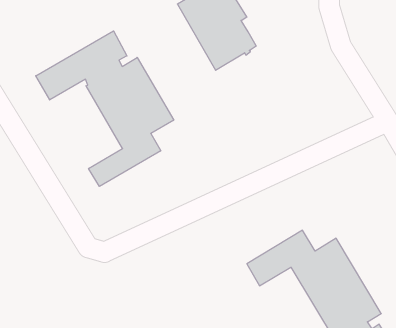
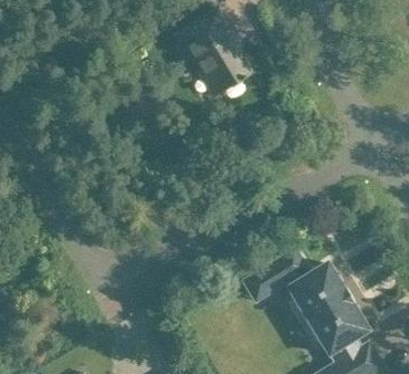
building: [36,31,174,186] -> none

